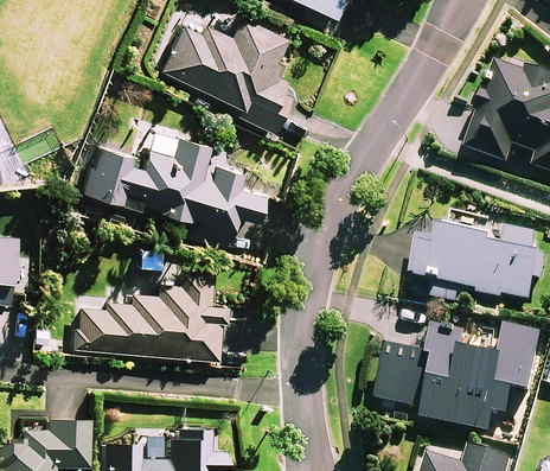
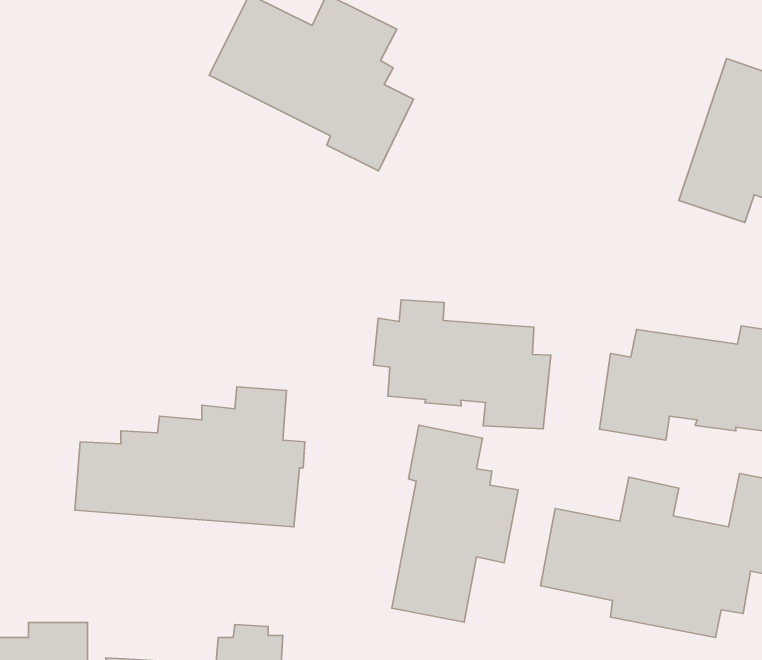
building: [83,129,260,243] -> none
building: none -> [374,300,551,429]
building: none -> [392,425,518,622]

